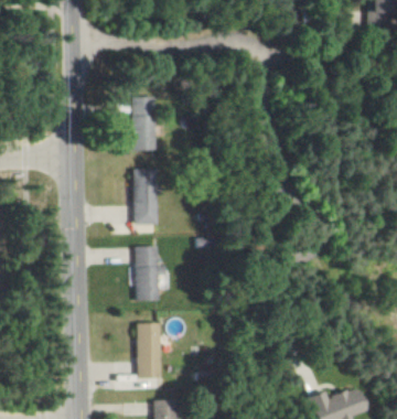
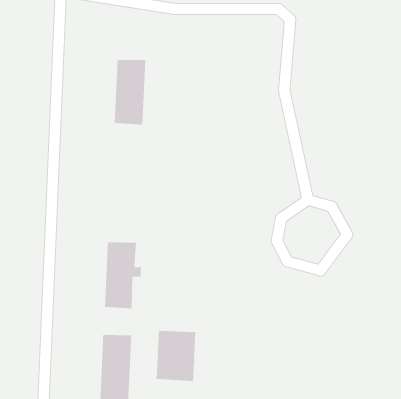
building: [132,170,155,224] -> none
building: none -> [156,330,196,382]

